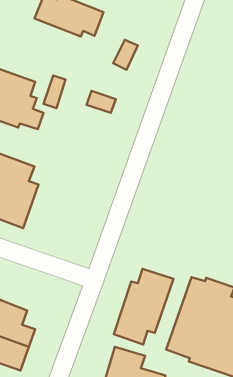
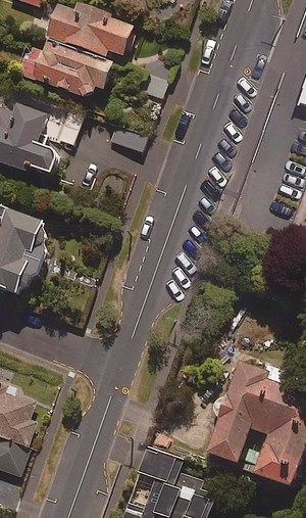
building: none -> [19,43,108,97]
building: [114,269,173,344] -> none

